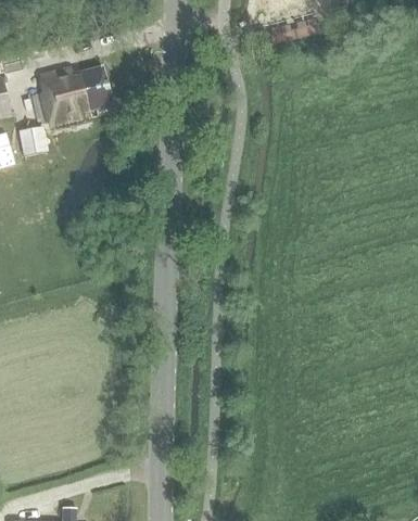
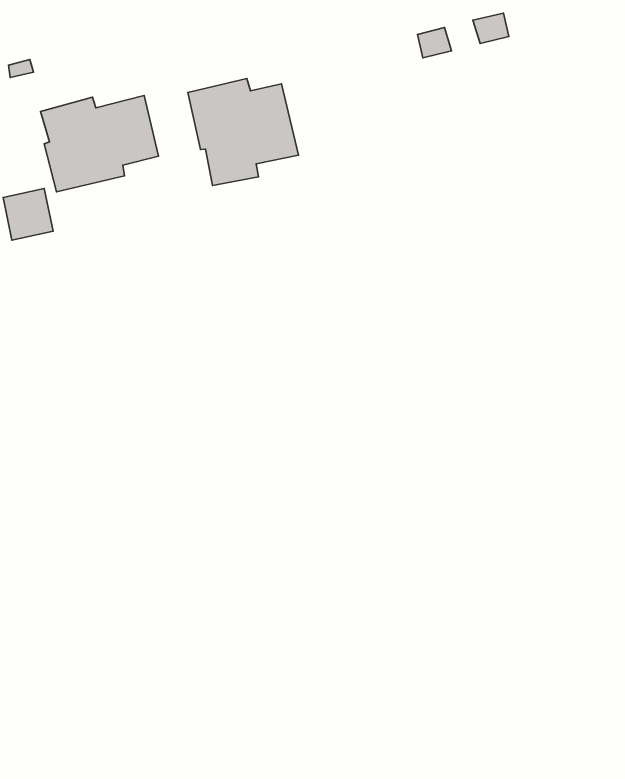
building: none -> [188,78,299,185]

